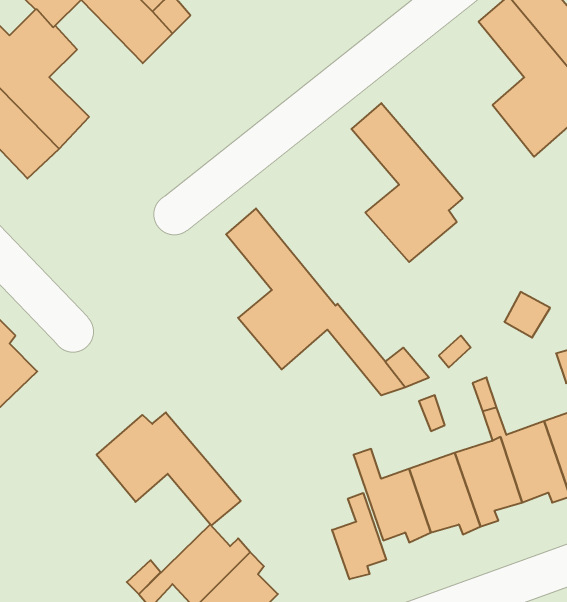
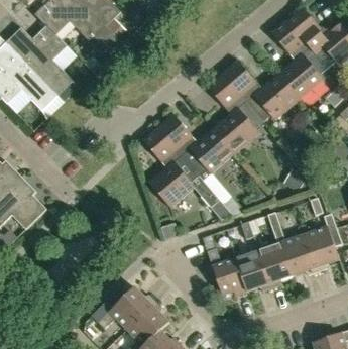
building: none -> [221,60,299,121]
building: none -> [157,113,235,176]
building: [97,412,241,525] -> none
building: [332,493,386,579] -> none

